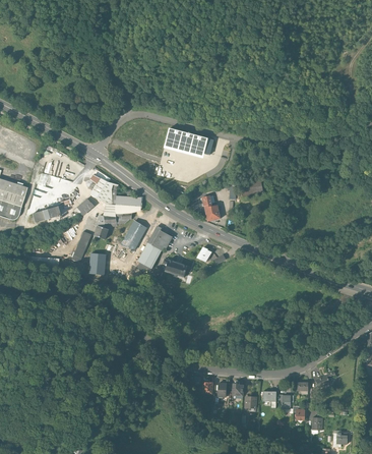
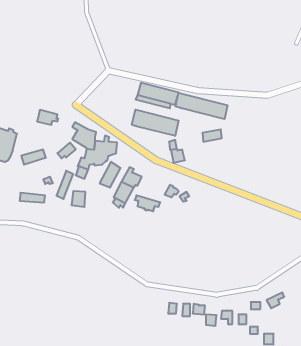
building: none -> [176,93,227,119]
building: none -> [132,110,179,136]

